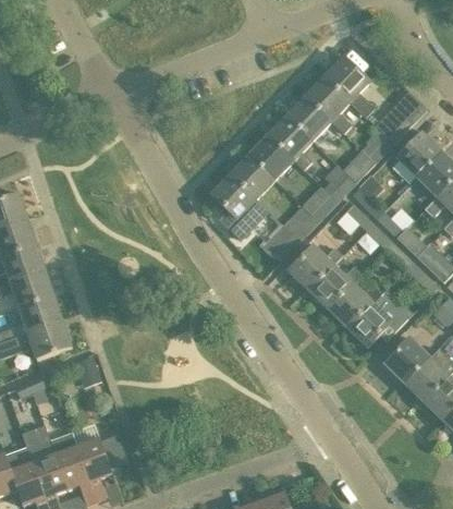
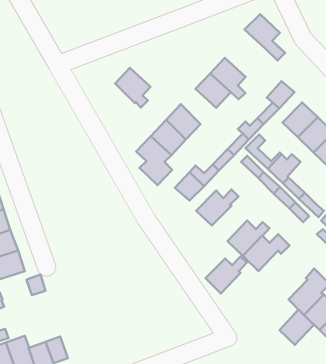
building: [323,59,375,118] -> [245,14,285,60]
building: [268,118,313,168] -> [115,68,150,107]
building: [307,264,359,311] -> [205,257,247,294]
building: [384,340,428,385] -> [279,309,314,345]

